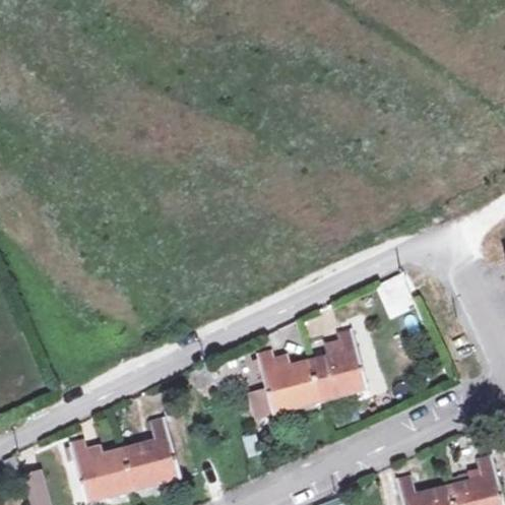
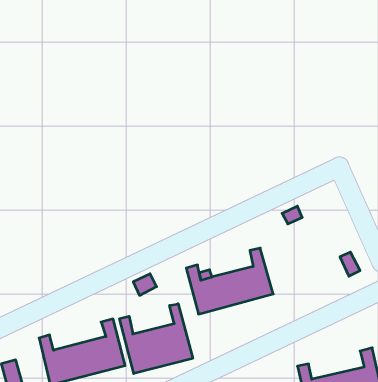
building: none -> [120,304,193,374]

